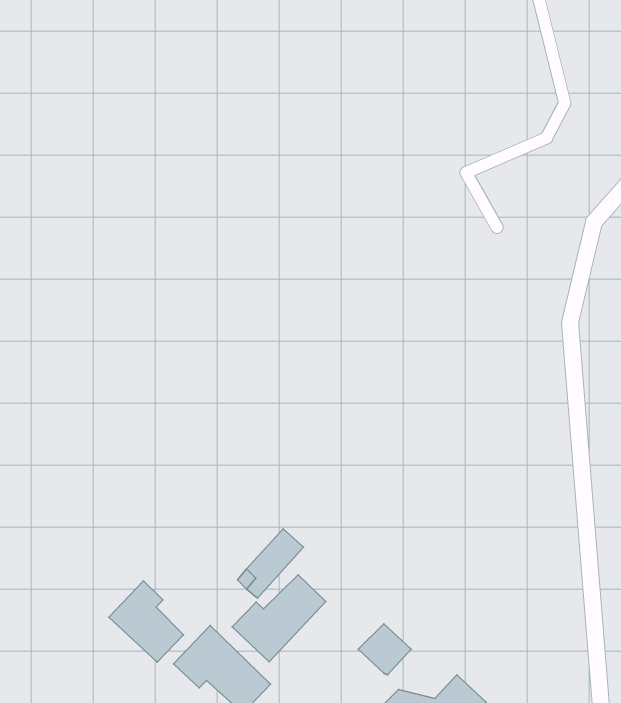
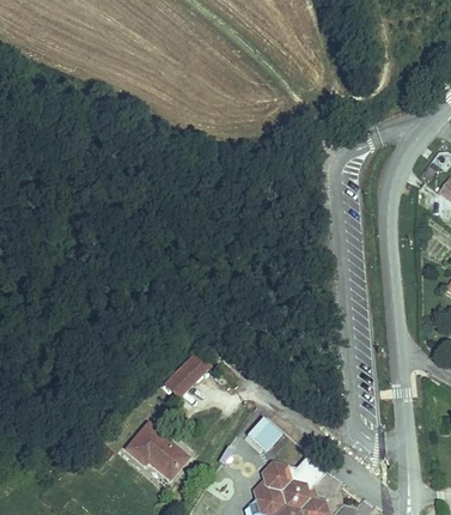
building: [232,575,326,662] -> none
building: [109,581,183,662] -> none

